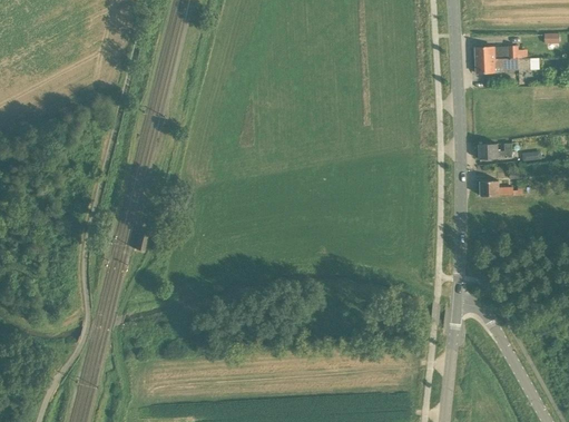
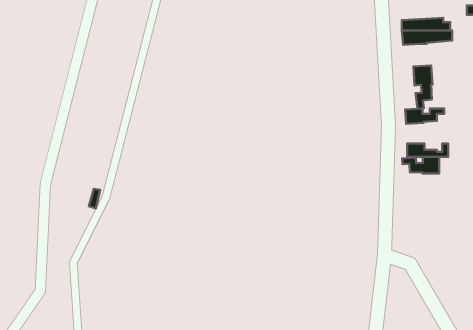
building: none -> [413,66,432,109]
building: none -> [402,157,439,174]

